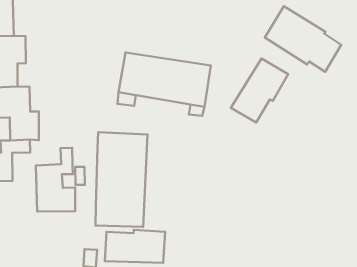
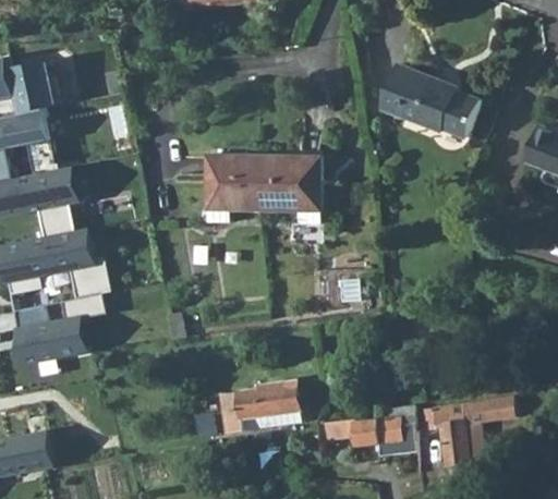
building: [231,59,288,123] -> none
building: [95,132,148,227] -> none
building: [36,148,75,211] -> none

